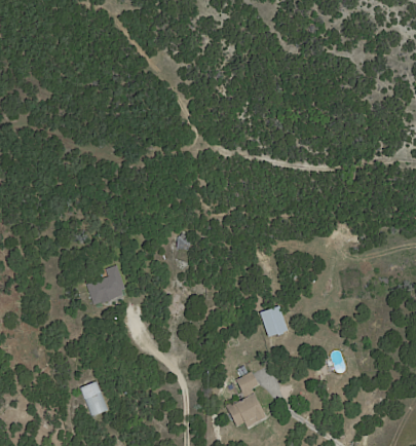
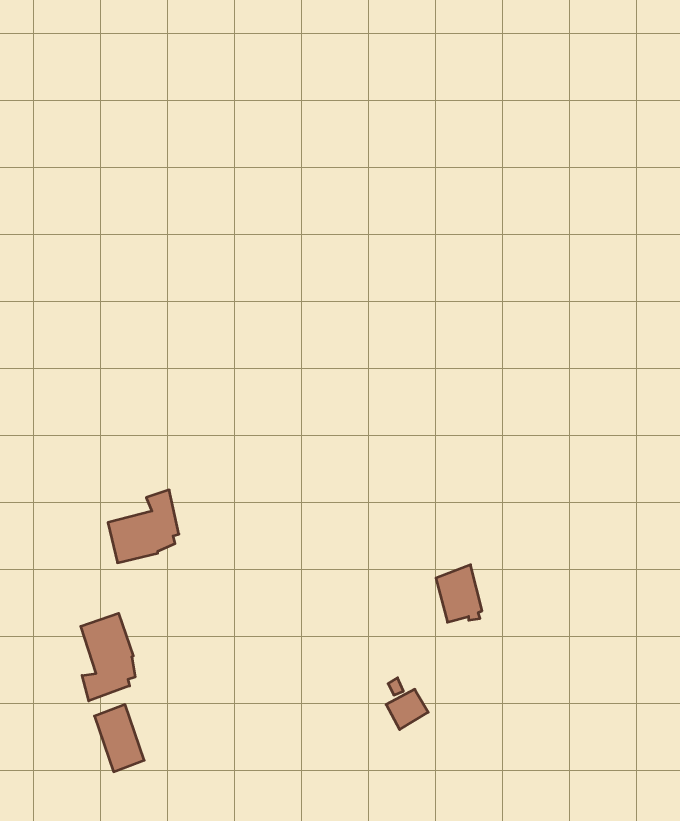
building: none -> [81,613,135,701]
building: [226,393,265,428] -> none

